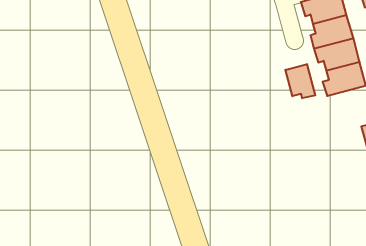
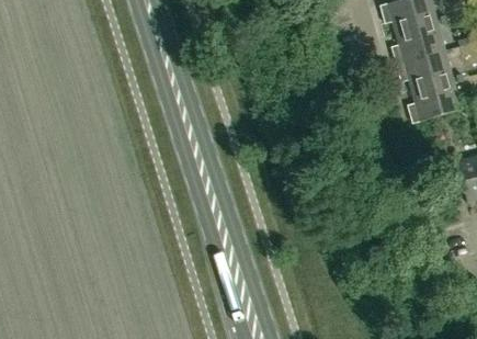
building: [285,64,315,98] -> none

